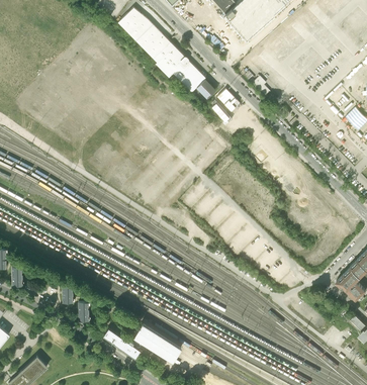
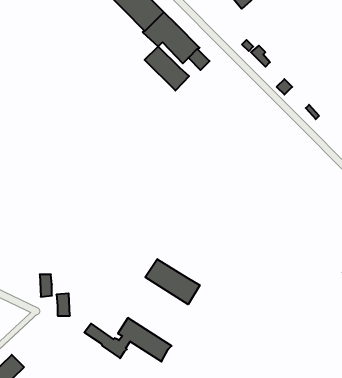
building: none -> [145,47,189,91]
building: none -> [145,259,200,304]

